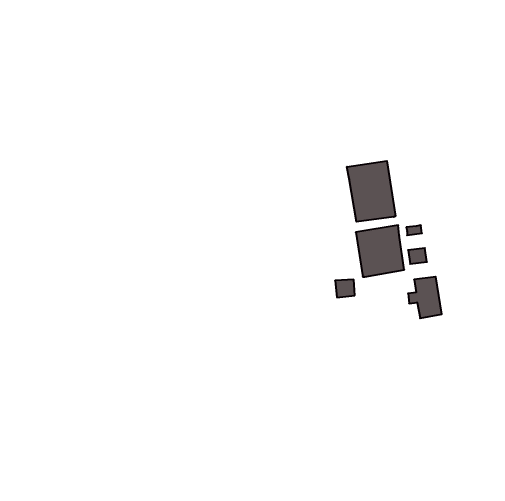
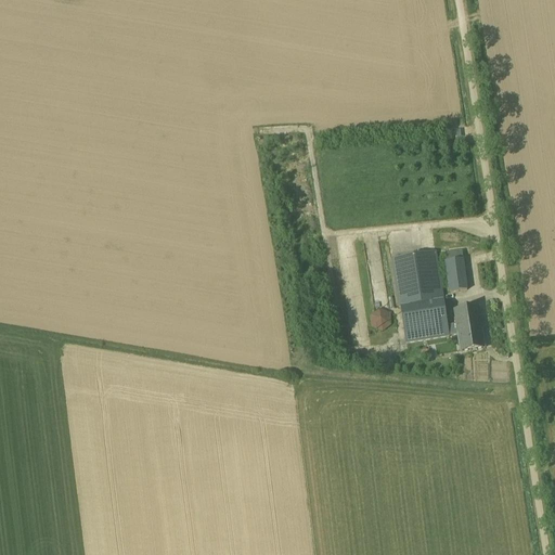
building: [347,161,395,222] -> none
building: none -> [400,296,450,340]

